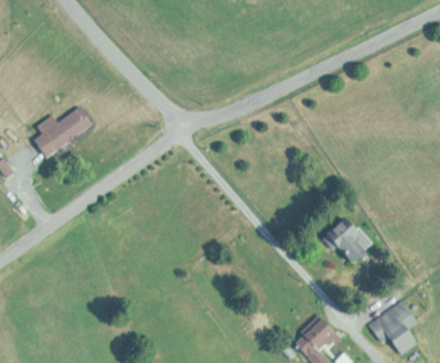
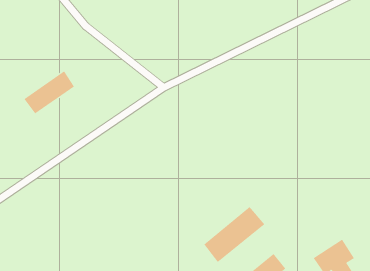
building: [325,215,374,264] -> none
building: none -> [204,206,265,263]

